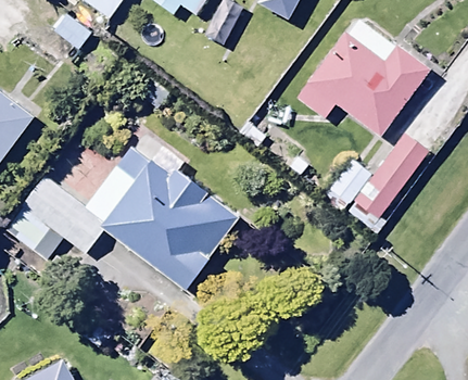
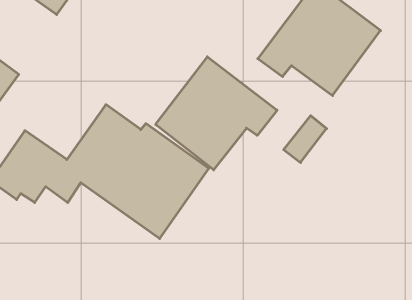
building: none -> [156,57,277,170]
building: [354,134,431,220] -> none

